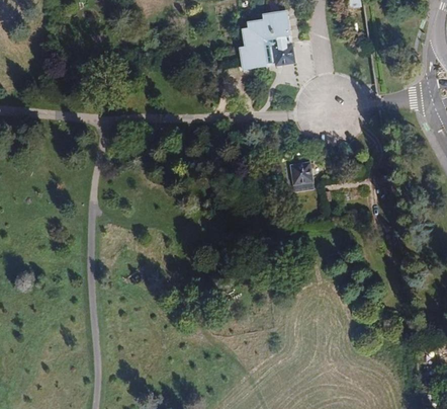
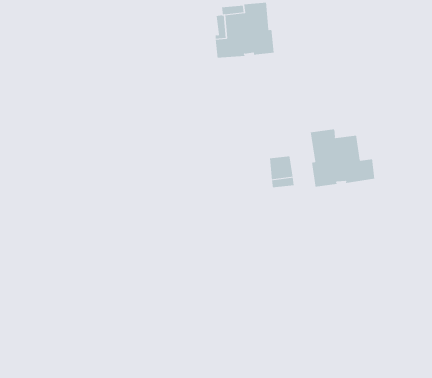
building: none -> [310,128,375,188]

